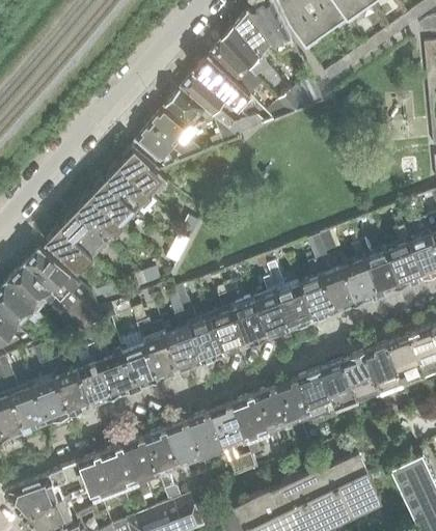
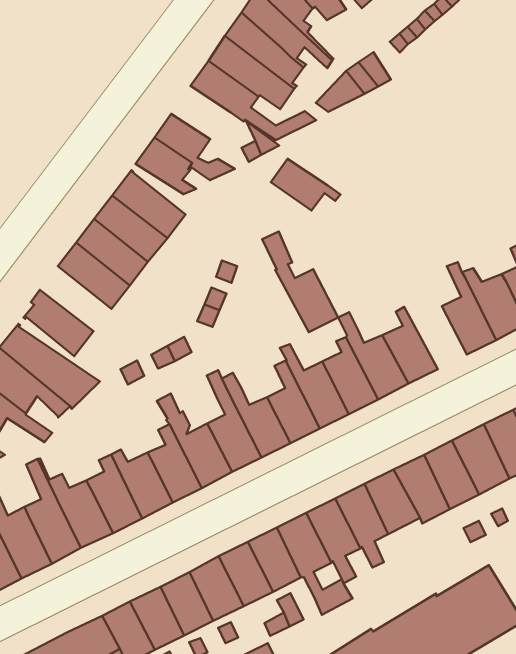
building: [165,92,214,131] -> [271,159,341,210]
building: [57,212,107,260] -> none
building: [308,237,357,311] -> [262,232,338,332]

